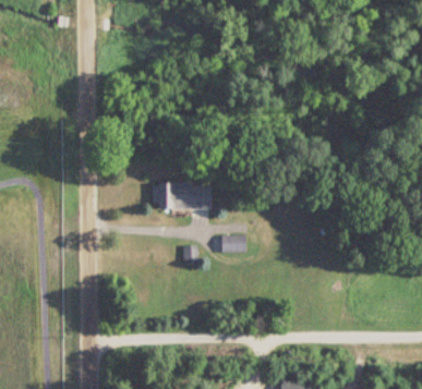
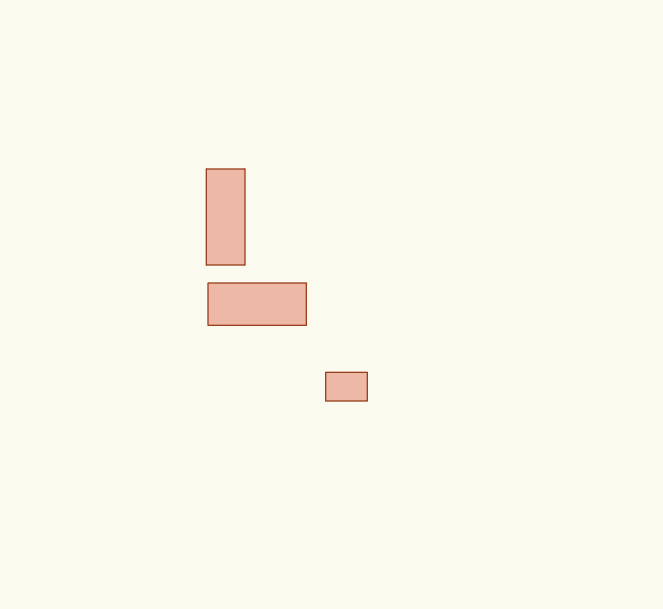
building: none -> [206,169,245,265]

